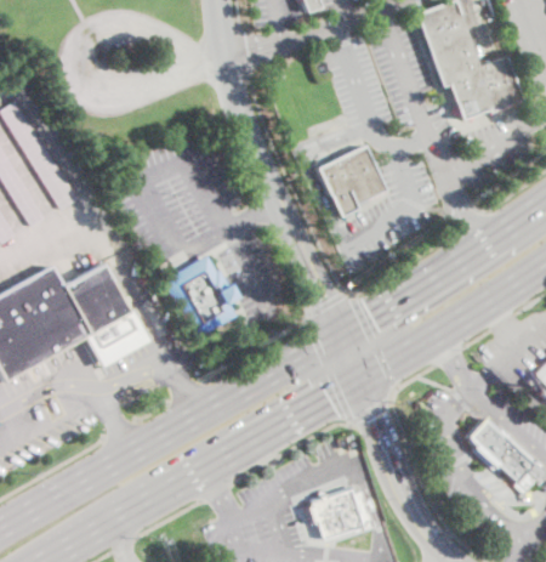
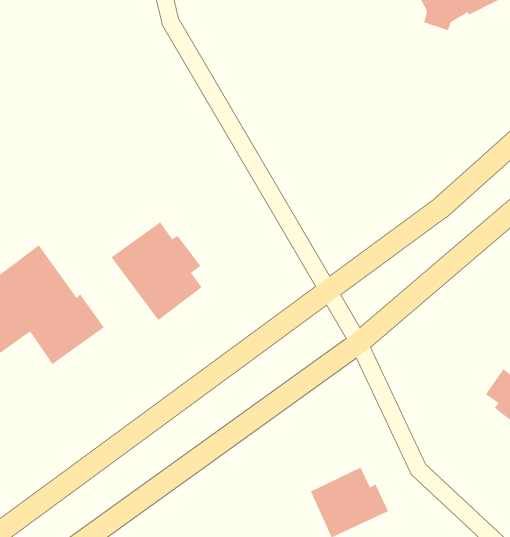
building: [318,144,387,216] -> none

